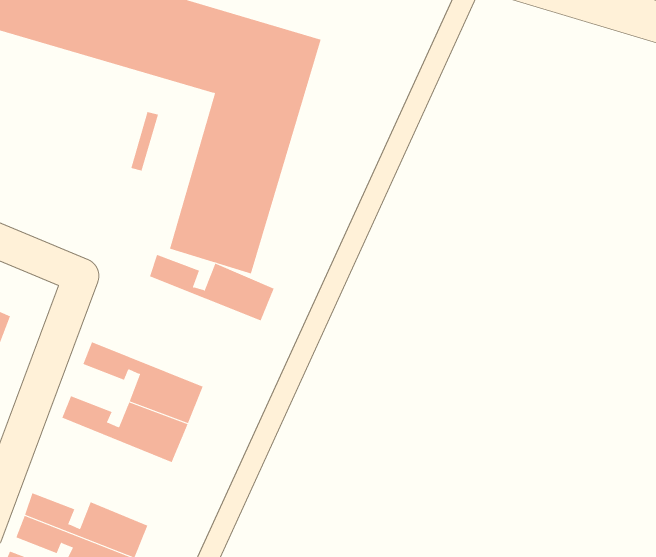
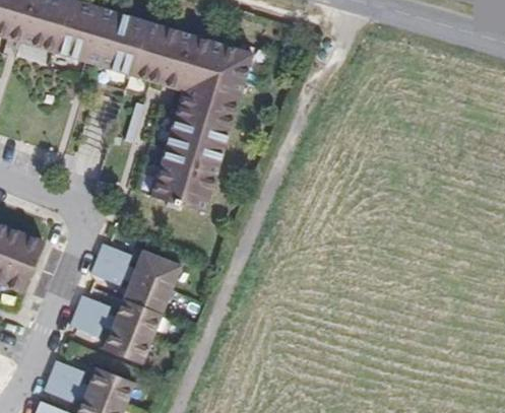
building: [149,254,274,321] -> [97,243,182,288]
building: none -> [70,309,151,363]

